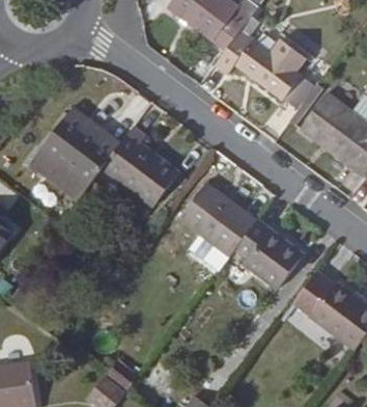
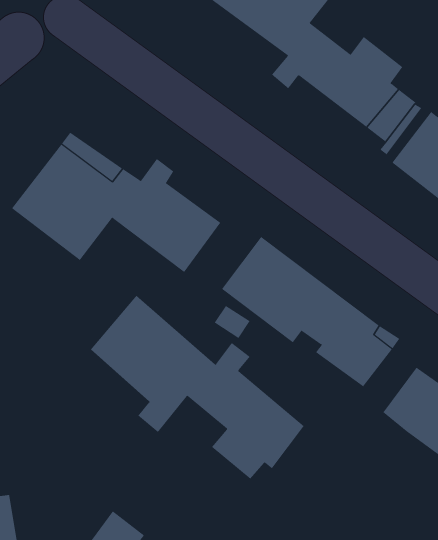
building: none -> [90,295,304,480]

